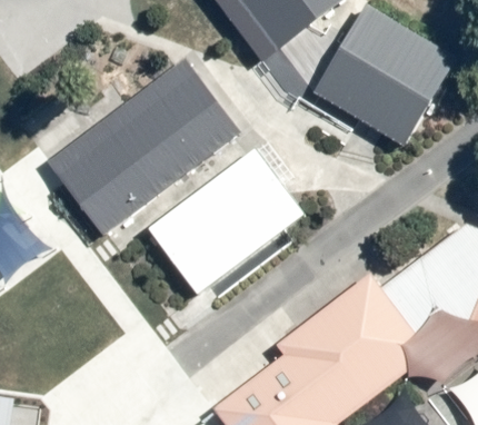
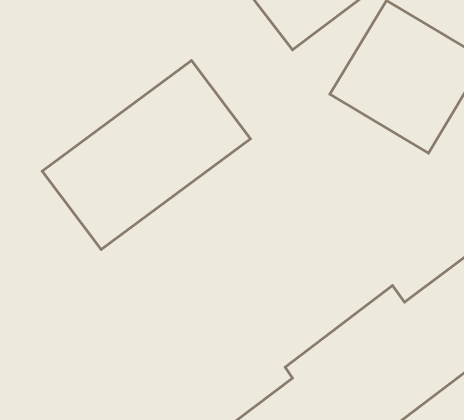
building: [148,149,305,295] -> none

